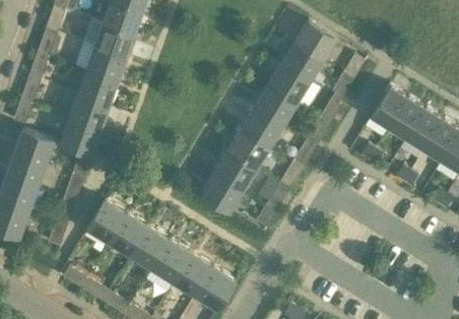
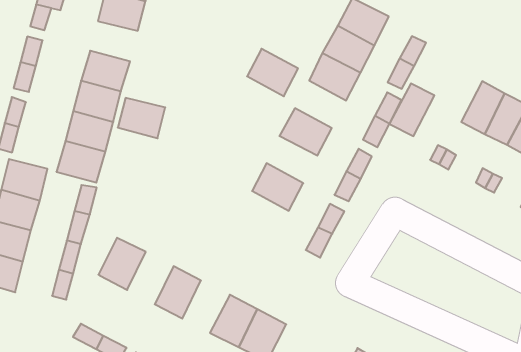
building: [93,25,133,60] -> [118,98,165,138]
building: [255,86,297,126] -> [247,49,298,96]
building: [370,86,407,129] -> [390,83,434,136]
building: [228,129,270,169] -> none
building: [201,172,244,211] -> none
building: [109,214,147,257] -> none
building: [151,241,191,283] -> none

